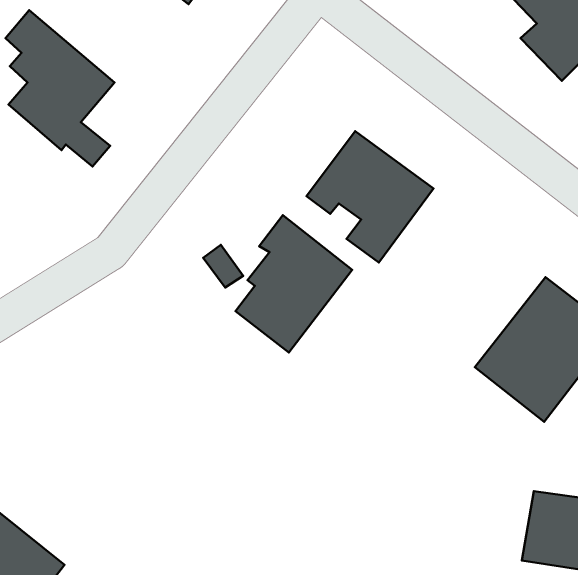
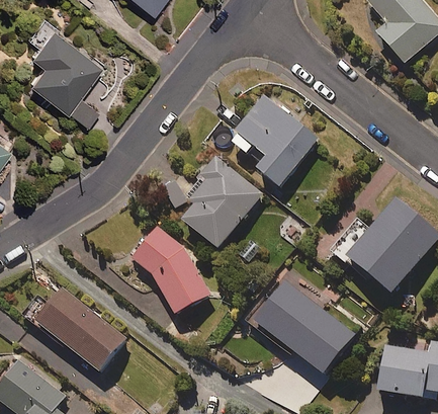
building: none -> [128,224,213,315]
building: none -> [252,278,356,377]
building: none -> [24,286,126,372]

